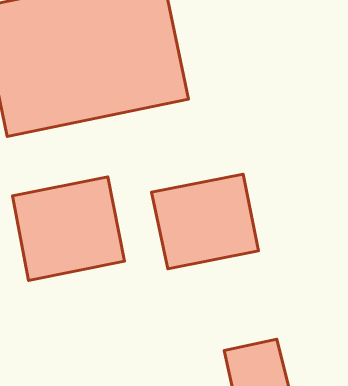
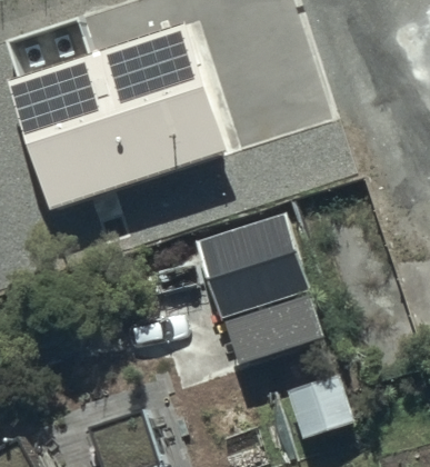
building: [13,177,125,281] -> none

